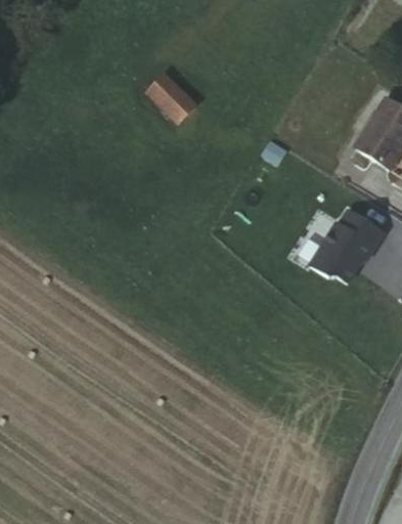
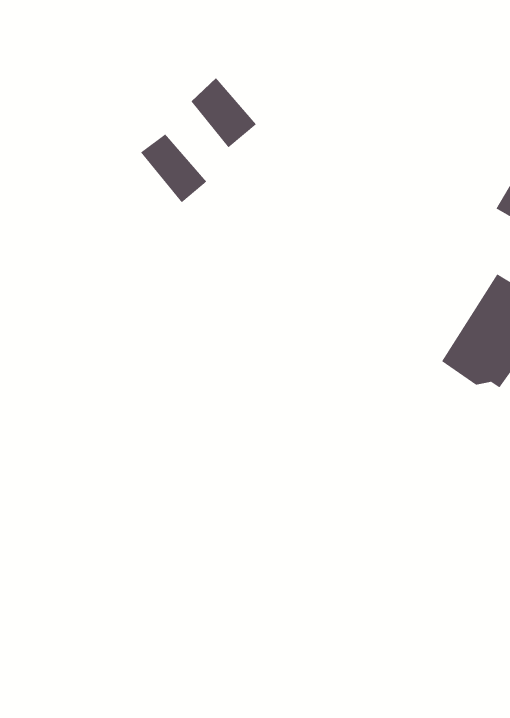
building: none -> [140,134,207,203]

